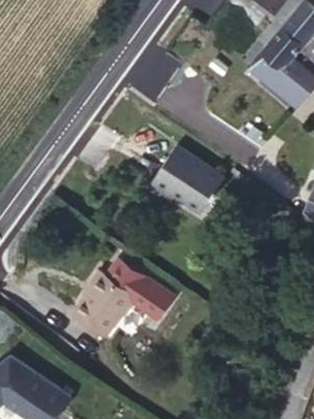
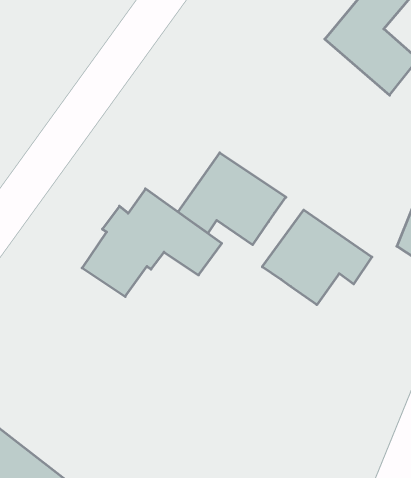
building: none -> [262,210,372,305]
building: [76,253,176,330] -> [82,189,222,297]

